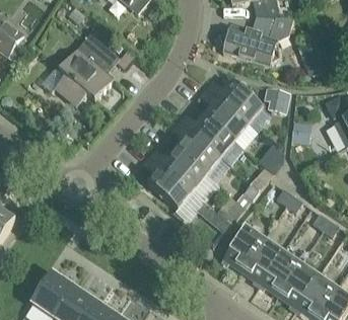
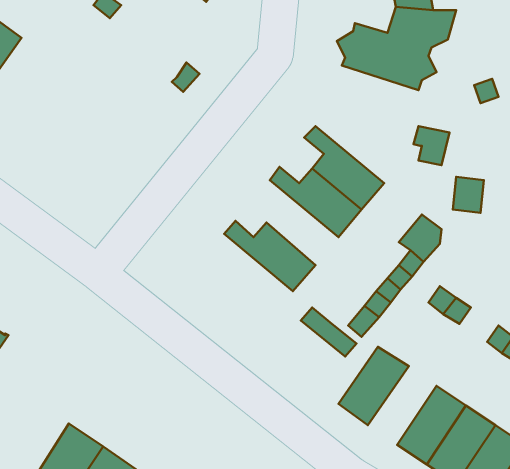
building: [55,34,115,104] -> none
building: [206,79,263,123] -> none
building: [170,121,220,173] -> none
building: [142,154,192,207] -> none
building: [238,236,281,285] -> none

